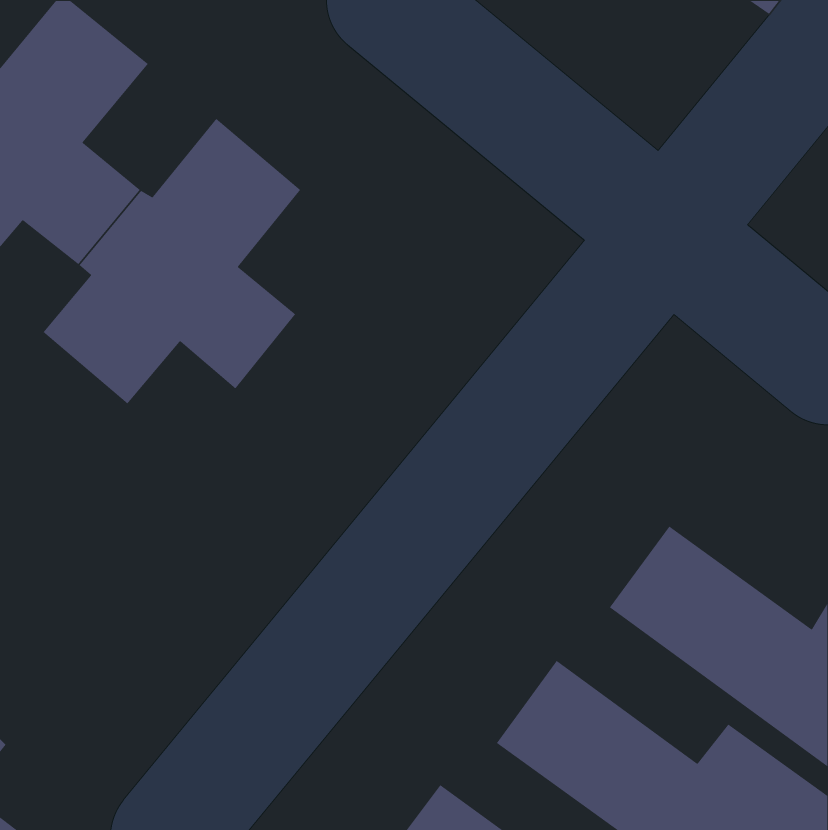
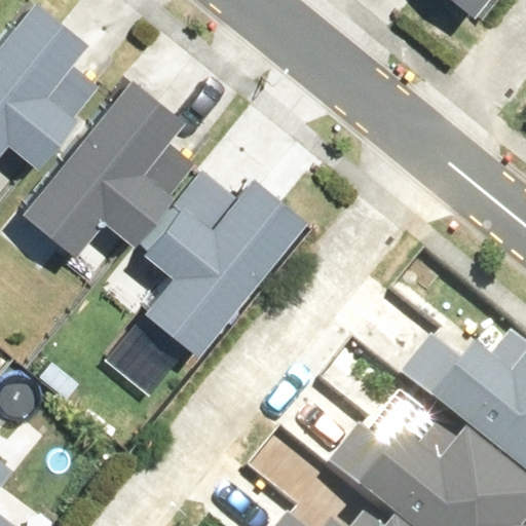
building: none -> [148,181,309,356]

